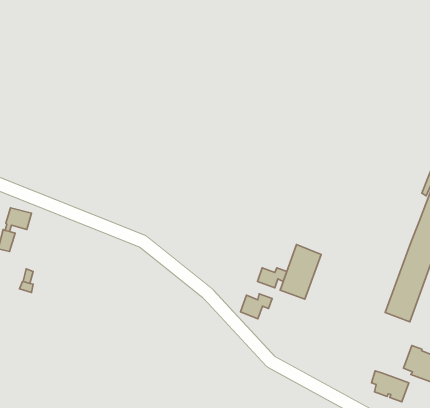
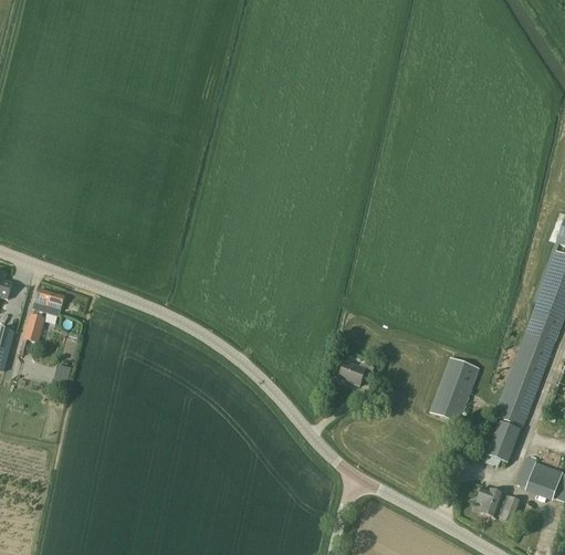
building: [280,245,321,299] -> [430,355,480,421]
building: [241,294,272,319] -> none
building: none -> [486,419,521,461]

